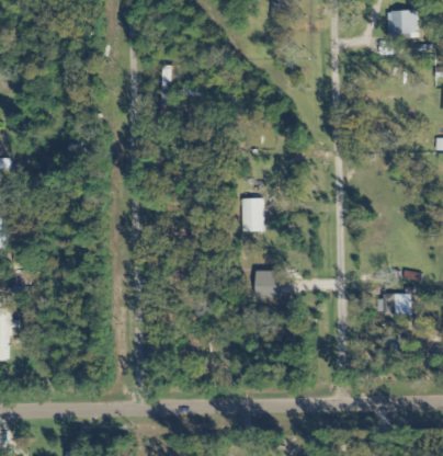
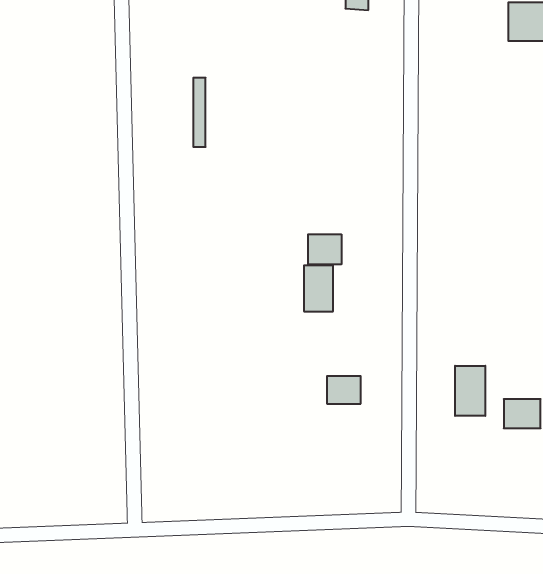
building: none -> [308,234,341,264]
building: none -> [455,366,485,416]

